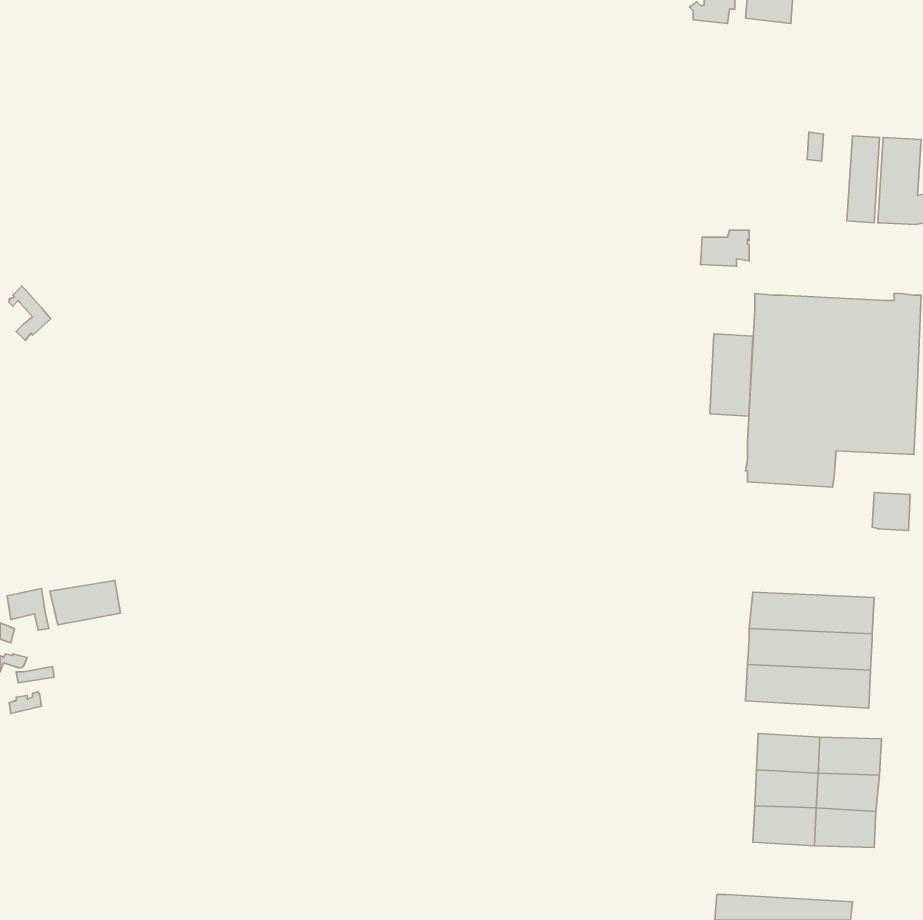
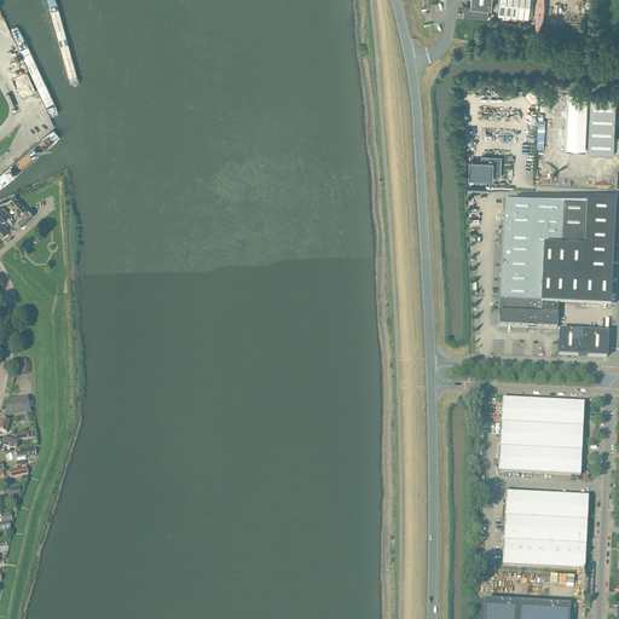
building: [710,334,753,416] -> none
building: none -> [560,328,585,353]
building: [50,581,121,625] -> none

